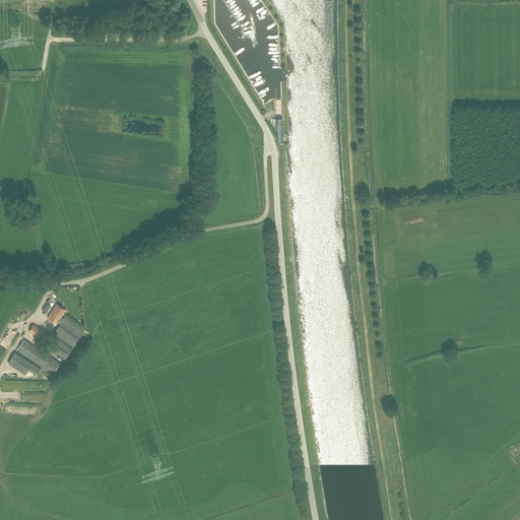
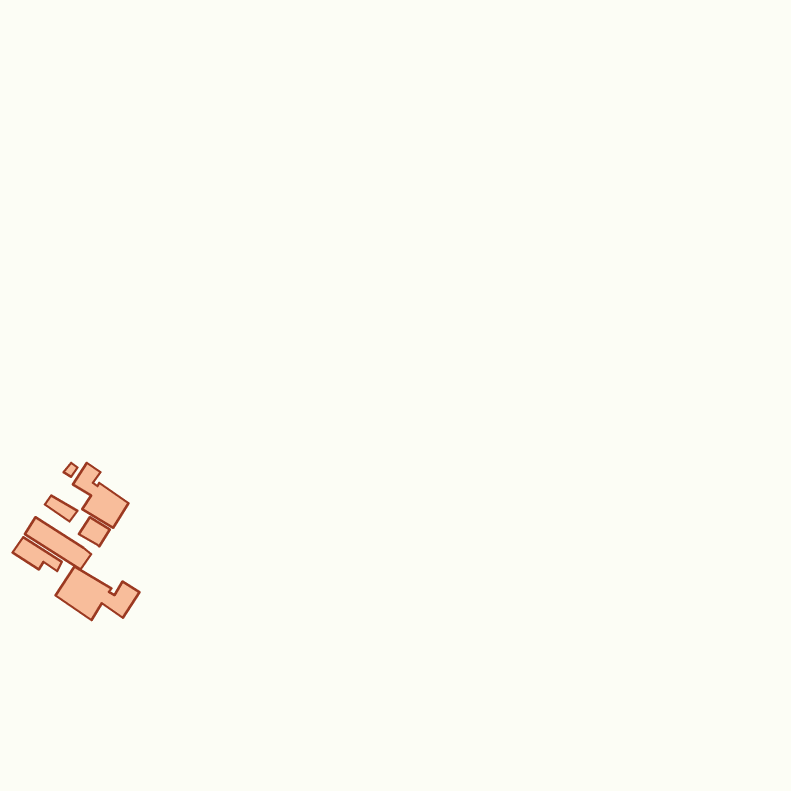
building: none -> [55,566,139,620]

